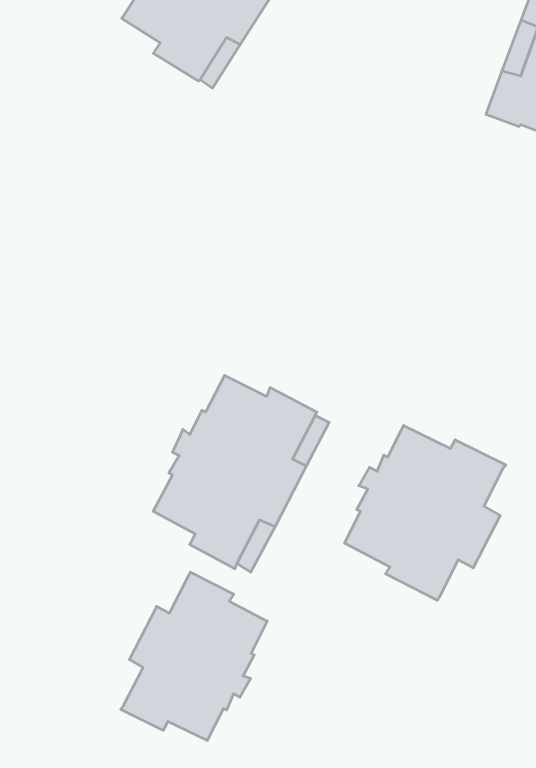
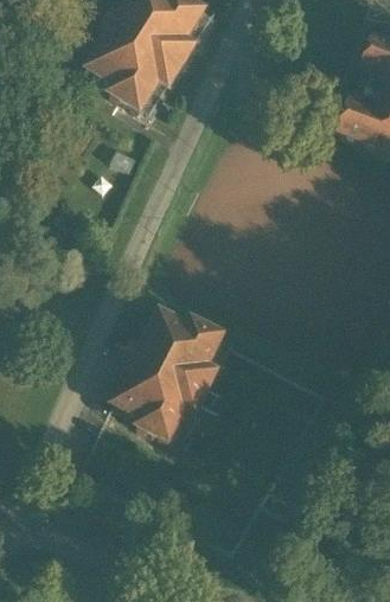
building: [345,425,506,600] -> none
building: [121,572,267,741] -> none

